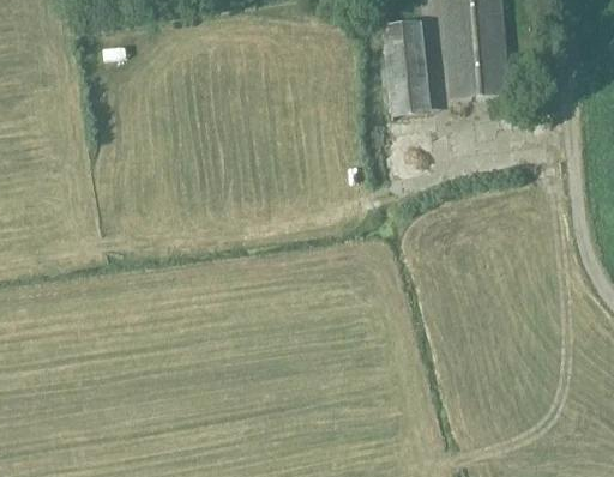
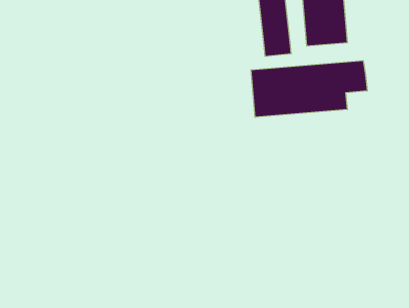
building: none -> [251,61,367,117]

